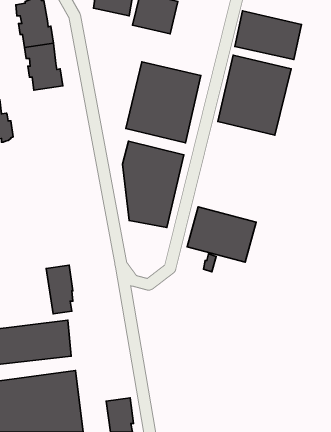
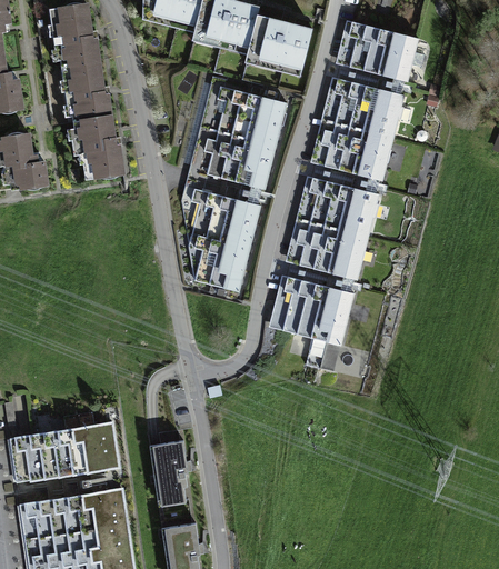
building: none -> [253,17,317,72]
building: none -> [71,117,122,179]
building: none -> [290,176,386,281]
building: [46,265,73,314] -> [154,442,189,506]

